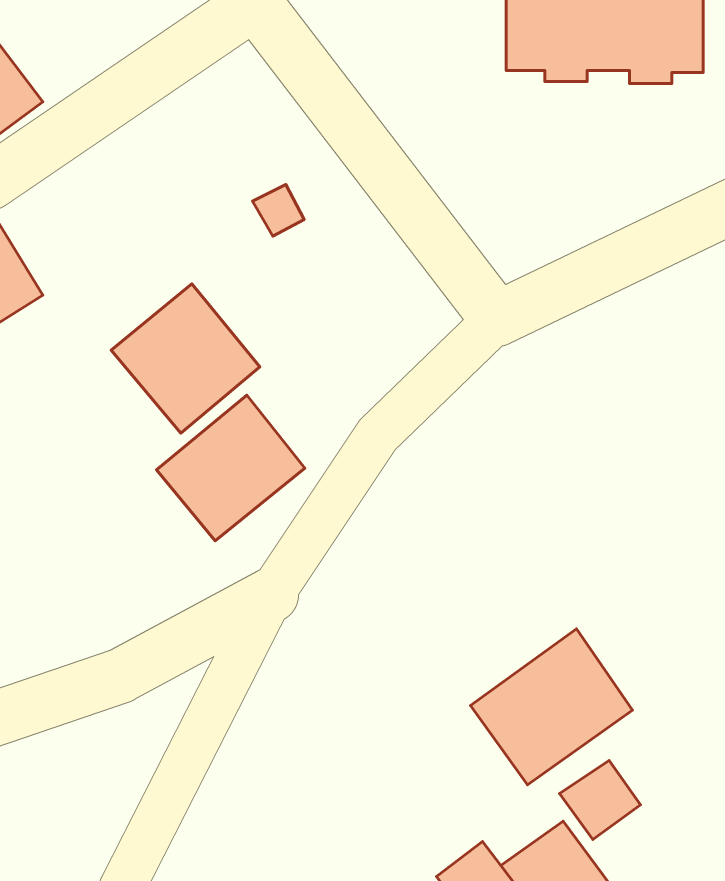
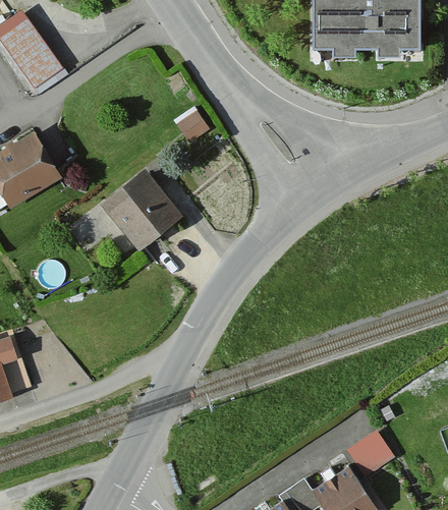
building: [157,395,305,541] -> none
building: [470,629,633,785] -> none

